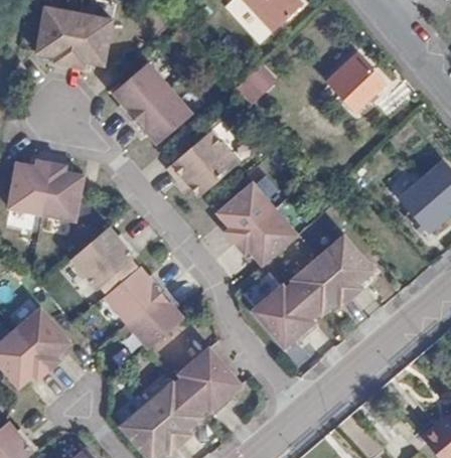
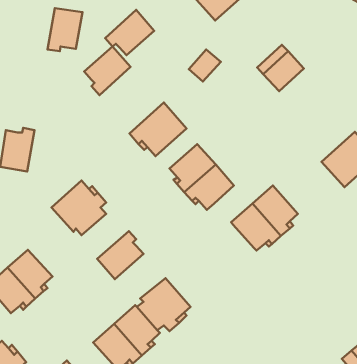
building: [32,6,73,63] -> none
building: [129,85,189,141] -> [105,10,154,55]
building: [39,163,81,220] -> none
building: [104,265,165,322] -> none
building: [253,280,320,345] -> none

